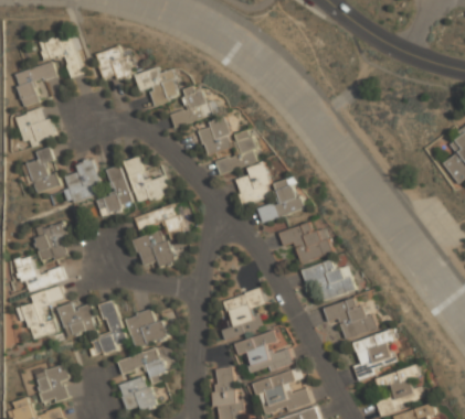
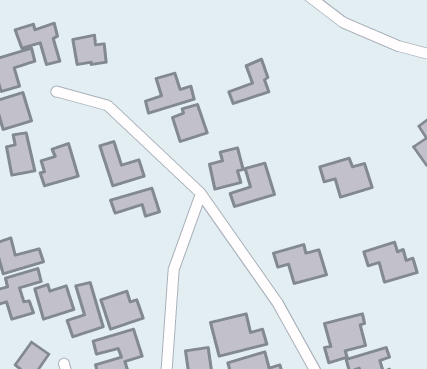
building: [135,68,179,106] -> none
building: [214,130,255,175] -> [229,59,269,104]
building: [95,165,133,215] -> none
building: [34,223,70,260] -> none
building: [278,224,331,264] -> [320,158,372,197]
building: [133,228,189,269] -> none
building: [221,288,265,339] -> none
building: [323,299,377,340] -> [364,242,417,282]

